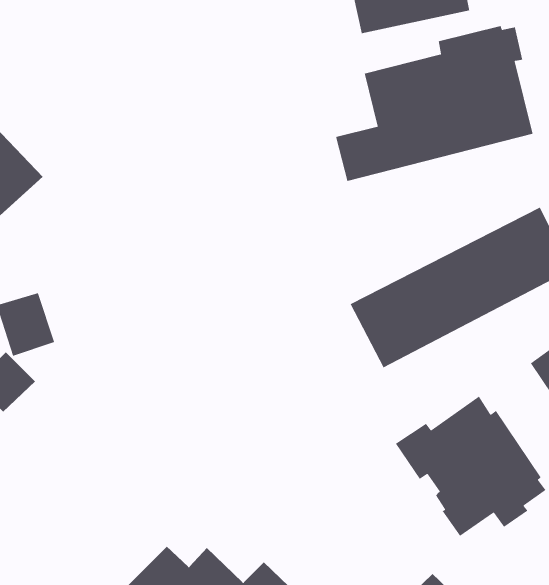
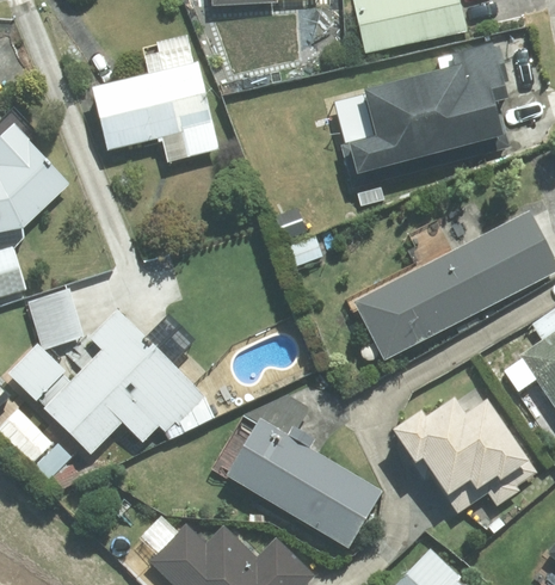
building: none -> [93,63,220,162]
building: none -> [43,320,206,455]
building: none -> [227,419,381,547]

